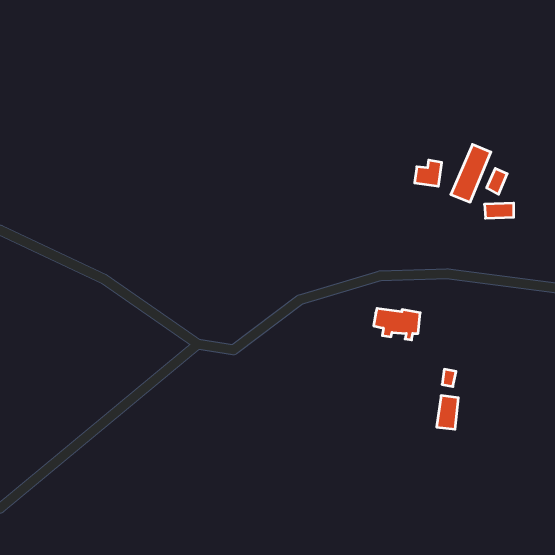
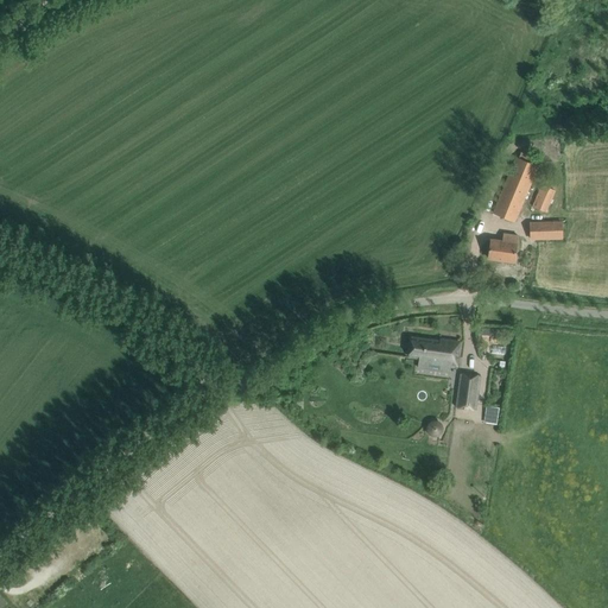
building: [415,160,442,186] -> [488,233,518,261]
building: [437,396,458,429] -> [456,373,480,410]

